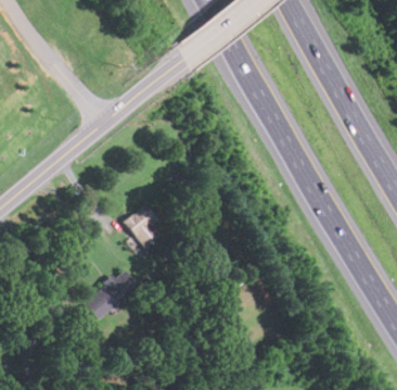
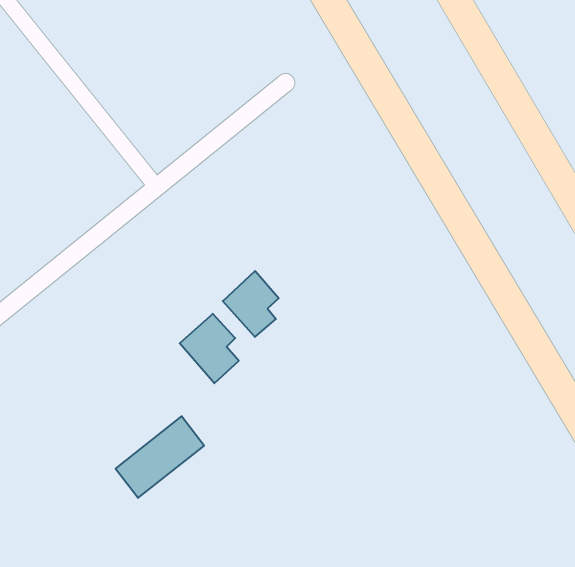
building: none -> [223,271,279,337]

